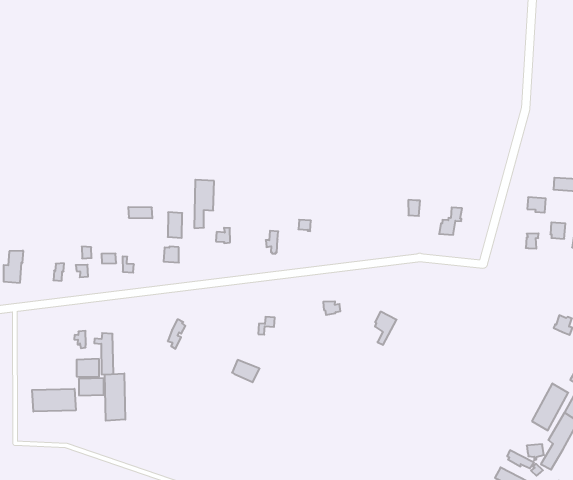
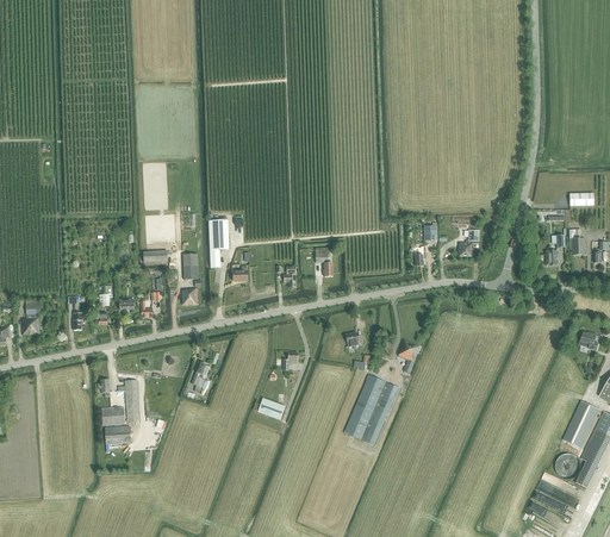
building: none -> [344,374,398,445]
building: [105,373,125,421] -> none
building: [32,389,76,412] -> none

